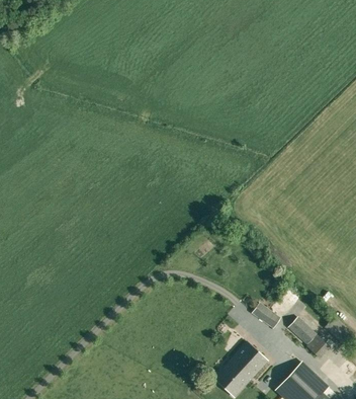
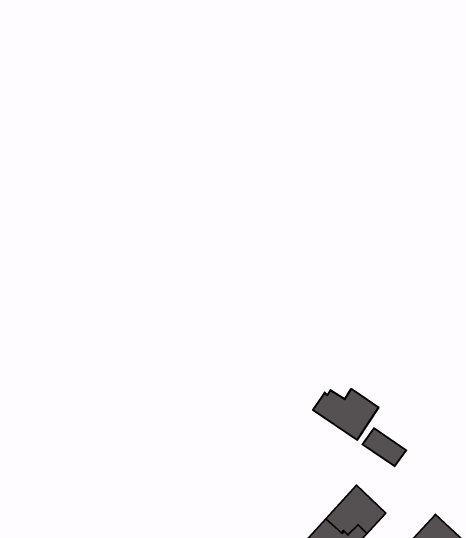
building: none -> [313,389,378,440]
building: [288,317,317,345] -> none

